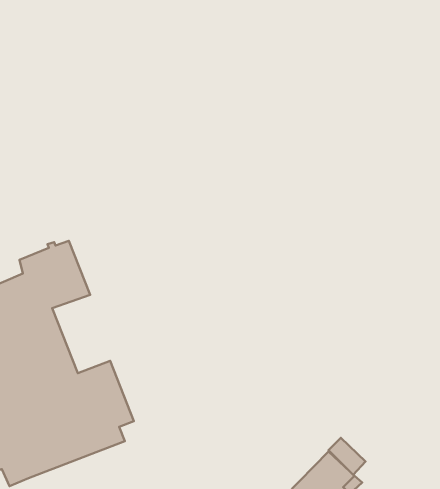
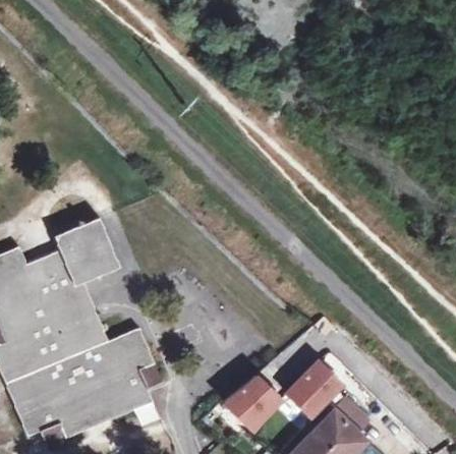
building: none -> [288,363,344,419]
building: none -> [225,378,282,431]

